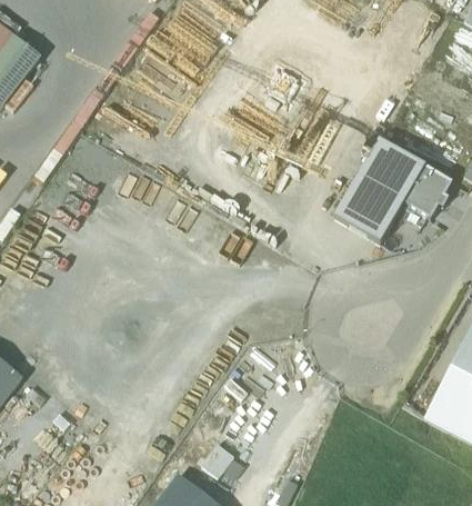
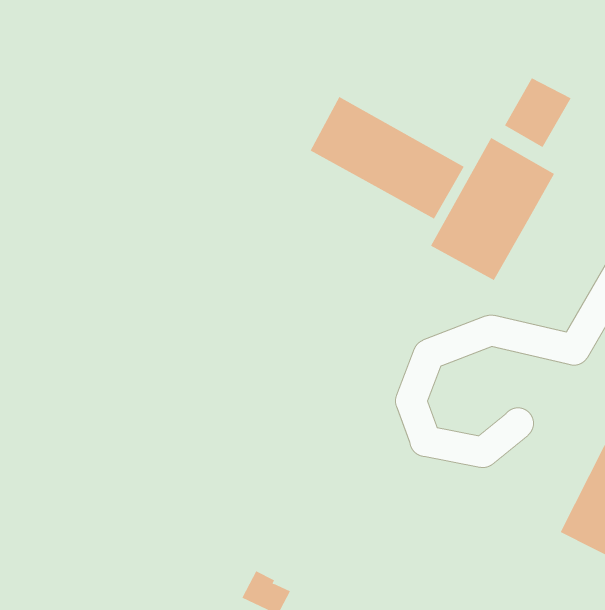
building: none -> [310,96,464,219]
building: [403,165,450,214] -> [504,77,571,148]

